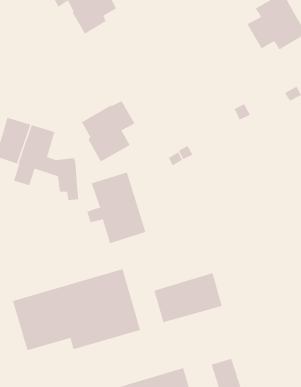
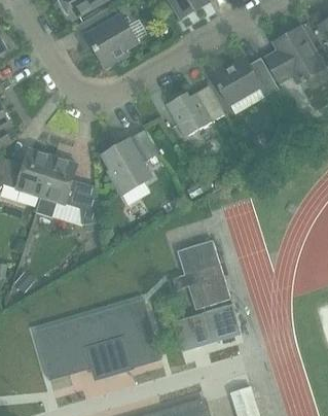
building: none -> [213,58,278,103]
building: none -> [166,85,224,137]
building: [87,172,146,244] -> [172,239,230,310]

